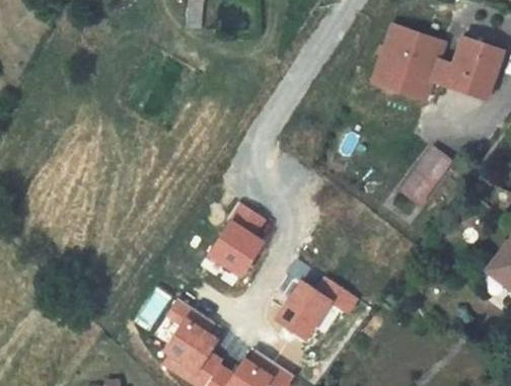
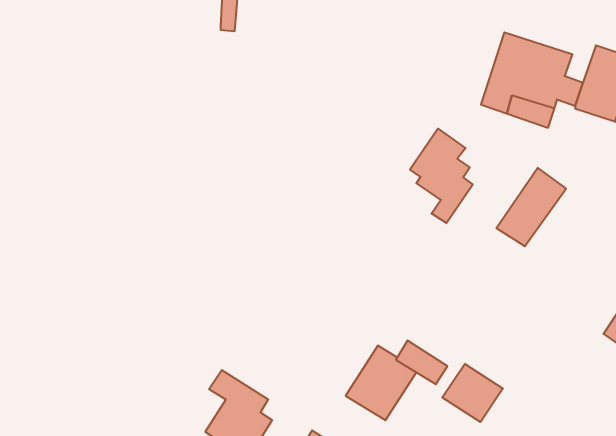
building: none -> [410,129,473,223]
building: [209,202,266,275] -> none
building: none -> [442,364,503,422]

